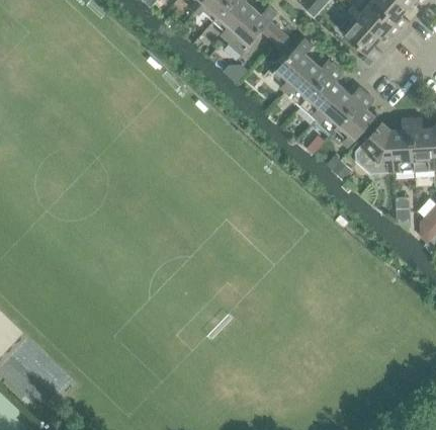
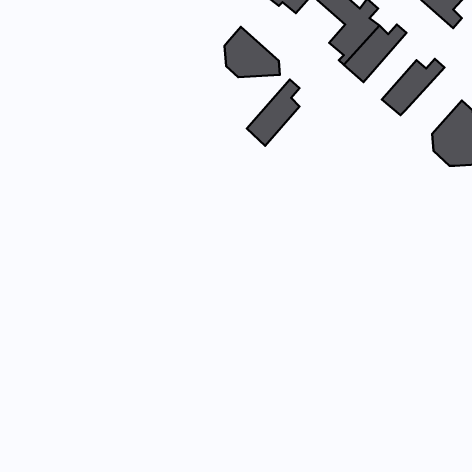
building: none -> [225,27,280,77]
building: [301,65,345,119] -> [247,79,300,146]
building: [336,93,377,148] -> none

